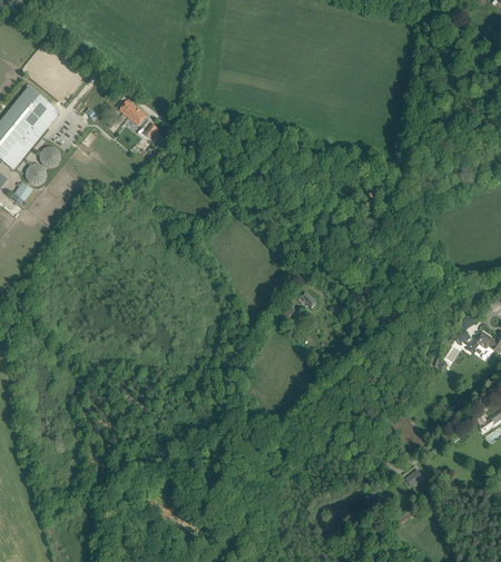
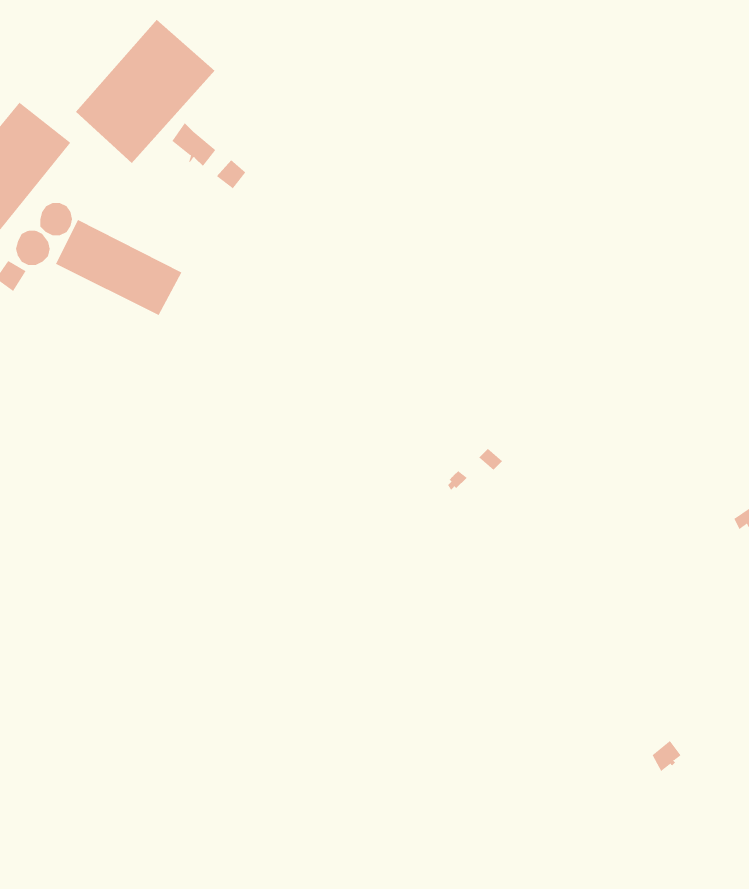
building: none -> [75,19,216,164]
building: none -> [55,219,182,316]

